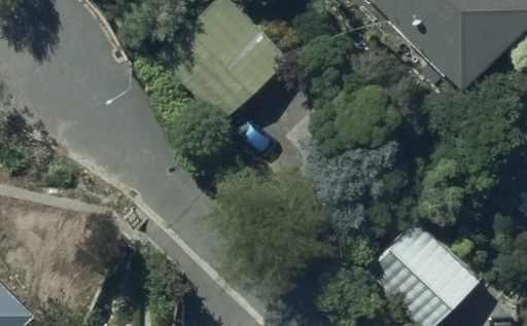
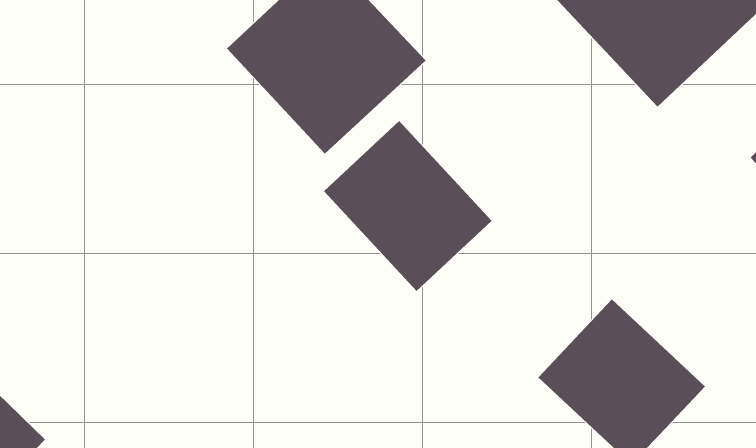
building: none -> [323,120,493,292]

